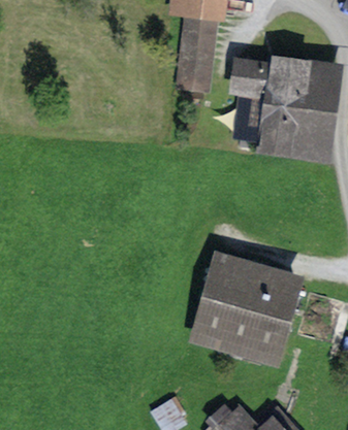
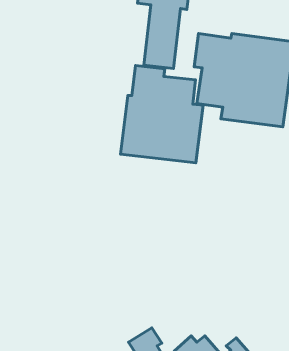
building: none -> [120,65,203,163]
building: [191,249,309,367] -> none

